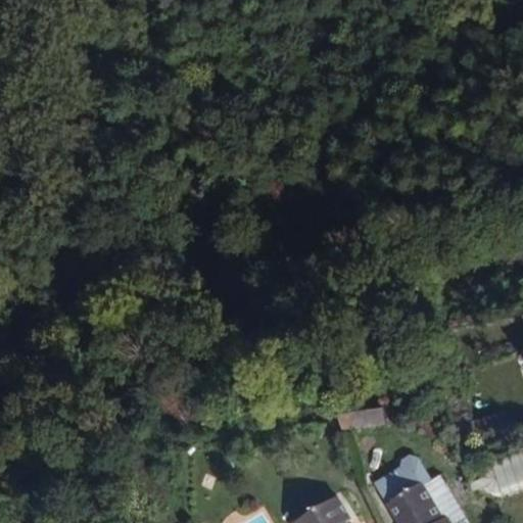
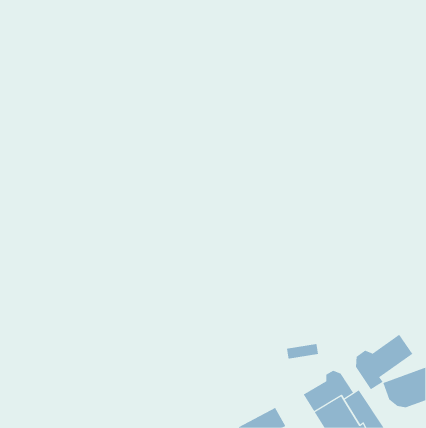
building: none -> [356,334,413,390]

